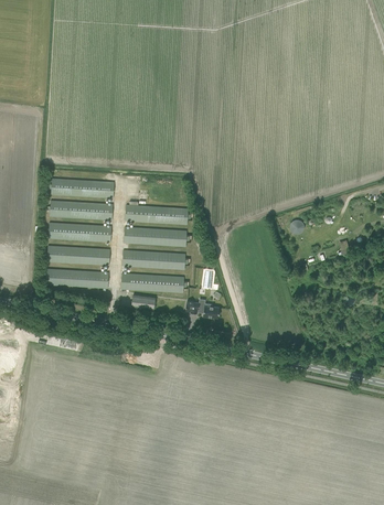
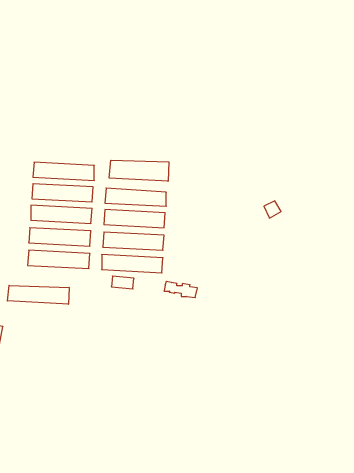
building: none -> [109,160,169,181]
building: none -> [7,285,69,304]

